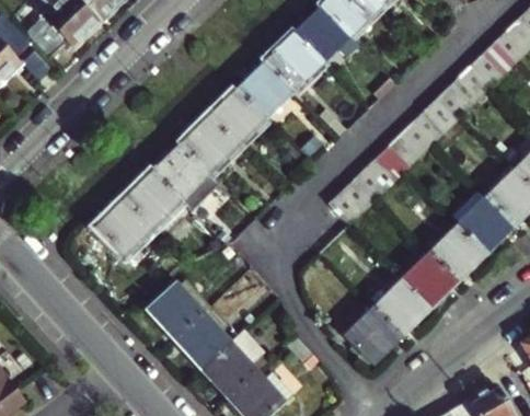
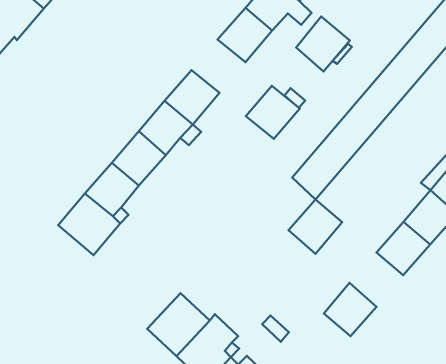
building: none -> [296,17,350,72]
building: [238,66,290,117] -> [246,86,300,139]
building: [148,278,209,339] -> none
building: [373,284,426,336] -> [289,199,342,254]

